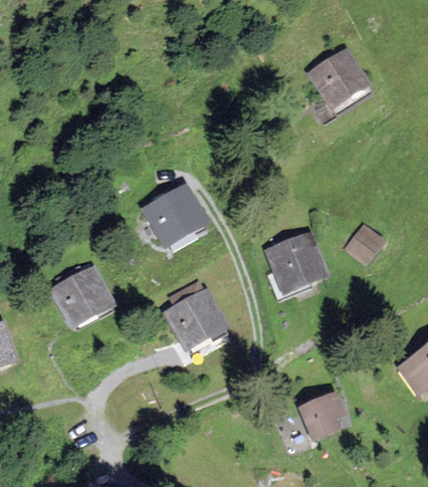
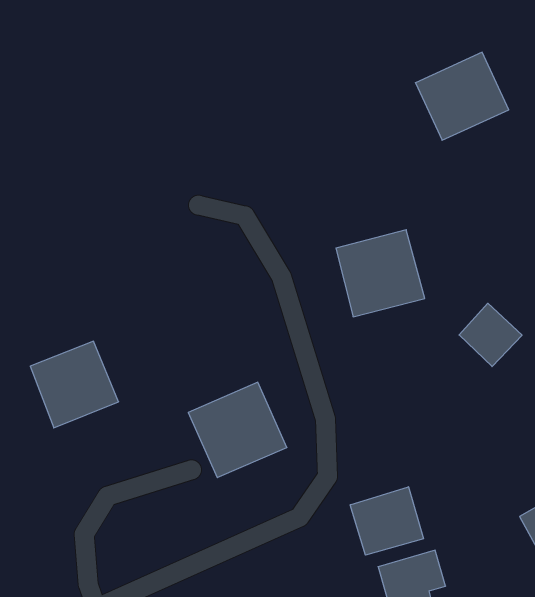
building: [144,185,207,245] -> none
building: [264,230,328,292] -> [336,230,425,317]
building: none -> [350,487,423,555]

